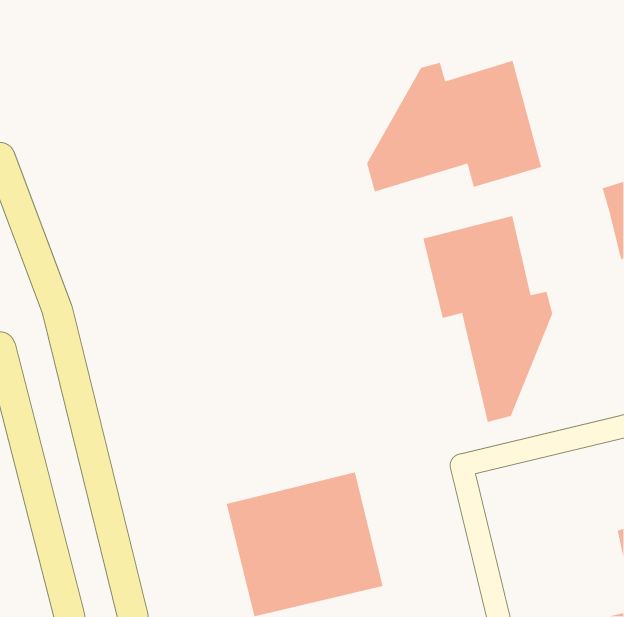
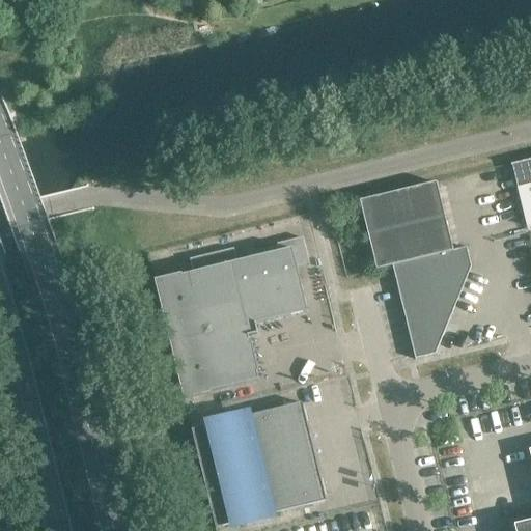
building: [366,60,542,192] -> none
building: none -> [157,232,308,393]

